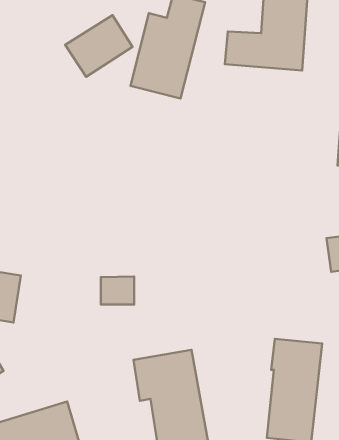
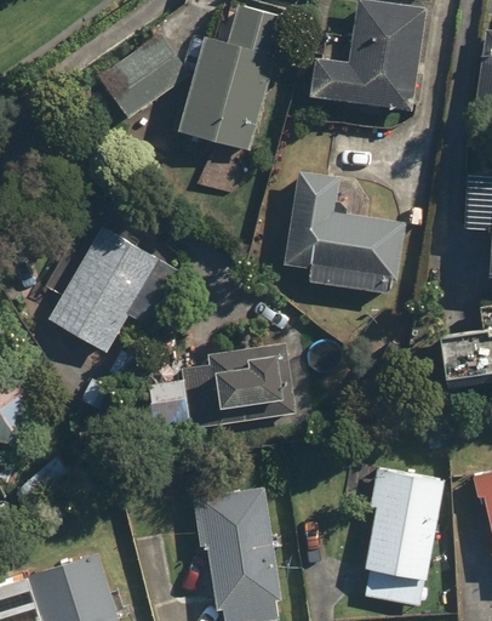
building: none -> [287,170,402,295]
building: none -> [46,218,166,355]
building: none -> [219,351,290,408]

